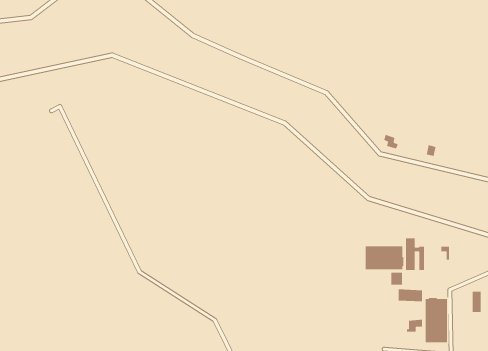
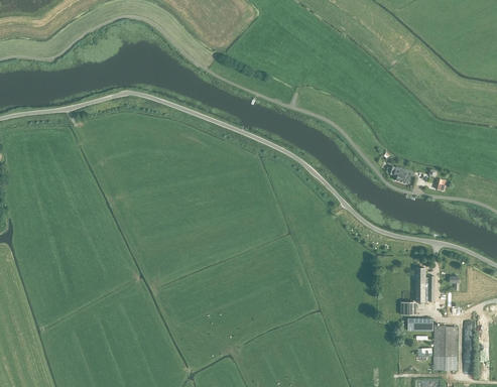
building: [365,245,404,270] -> none

